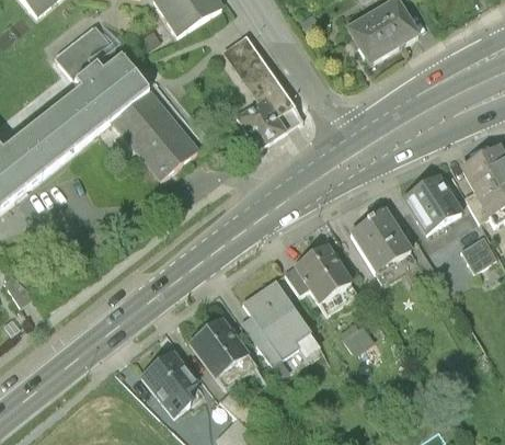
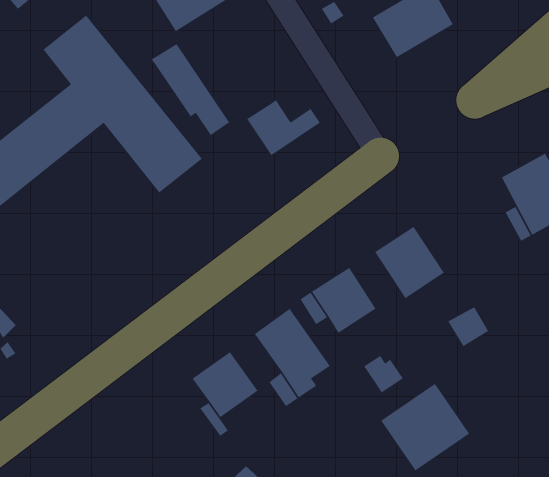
building: [223,33,294,115] -> [151,43,230,136]
building: [405,174,462,231] -> none
building: [461,235,498,271] -> [447,306,489,347]
building: none -> [380,383,470,471]
building: [141,351,198,415] -> none

